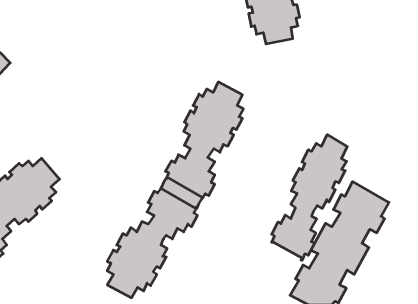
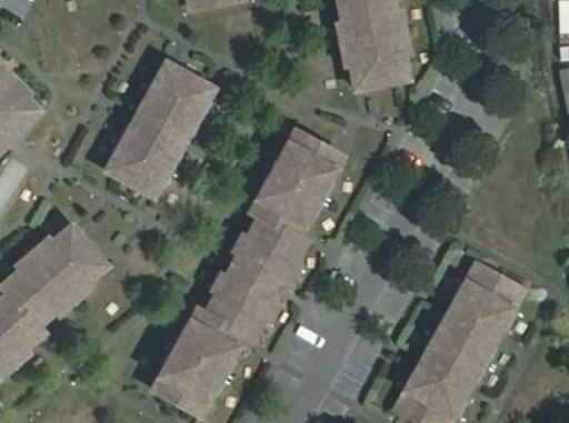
building: none -> [108,66,211,194]
building: [272,135,347,260] -> none

